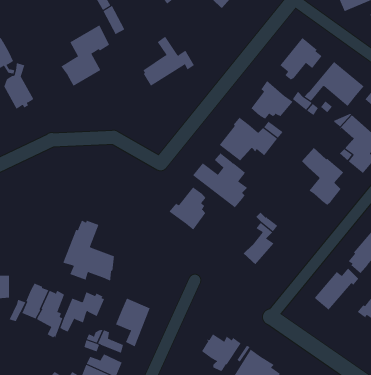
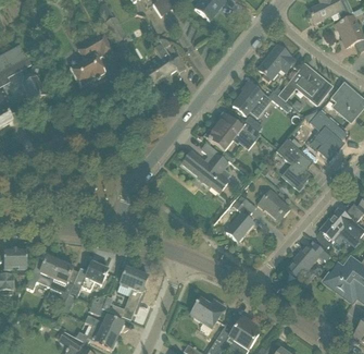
building: [168,187,206,231] -> none
building: none -> [258,188,290,217]
building: [63,219,114,281] -> none

